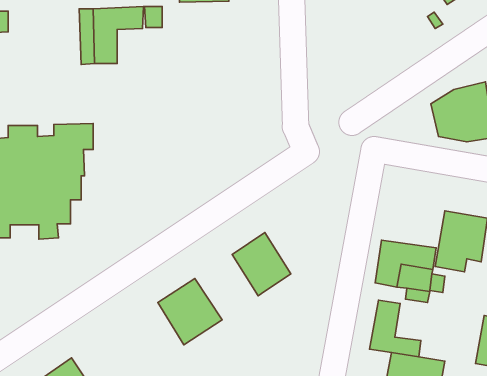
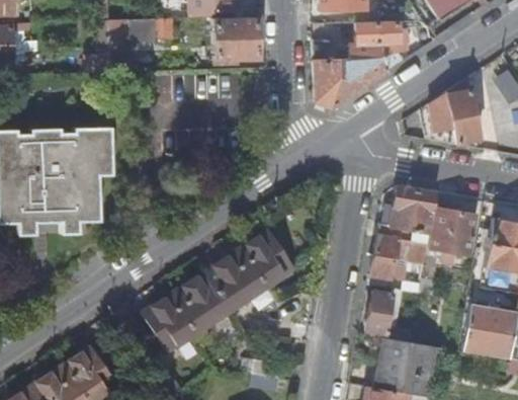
building: none -> [220,16,257,63]
building: none -> [315,20,404,106]
building: none -> [377,186,436,242]
building: none -> [204,248,263,309]
building: none -> [142,293,194,350]

